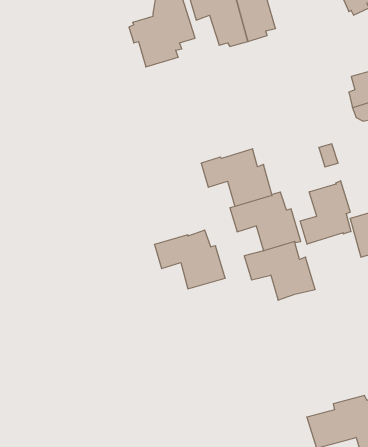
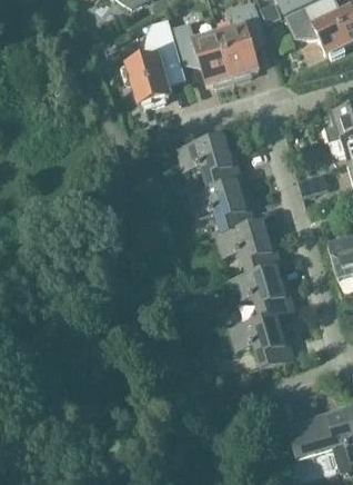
building: none -> [177,133,241,188]
building: [300,181,351,244] -> none
building: [154,230,225,289] -> [229,314,294,368]

